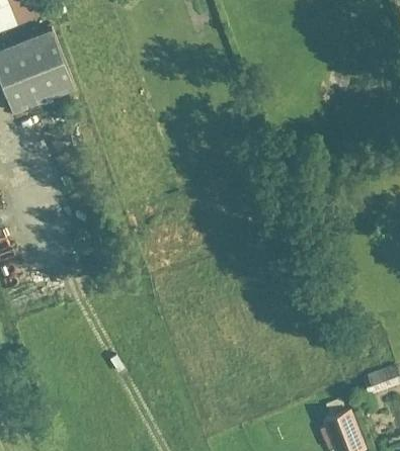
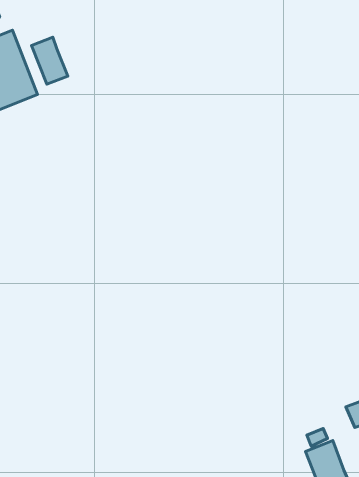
building: none -> [32,37,68,84]

